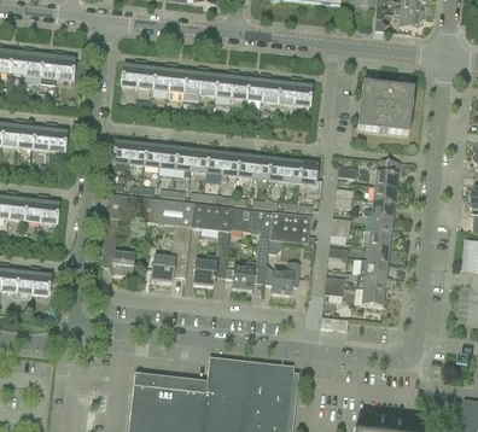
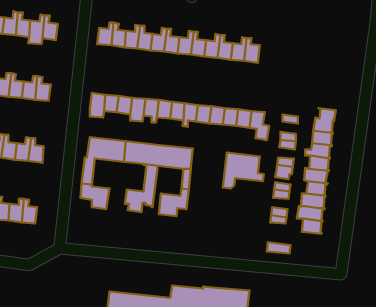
building: [357,84,414,134] -> none
building: [231,206,273,291] -> none
building: [272,262,299,294] -> none

